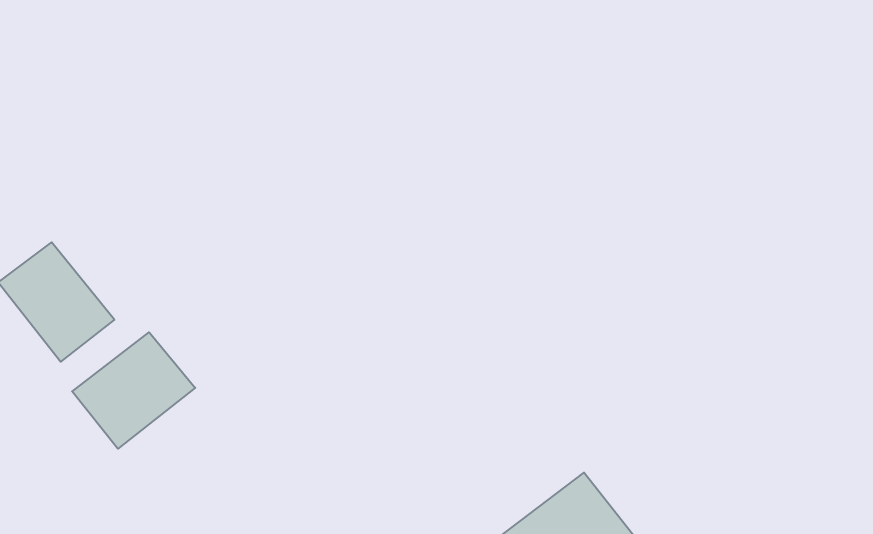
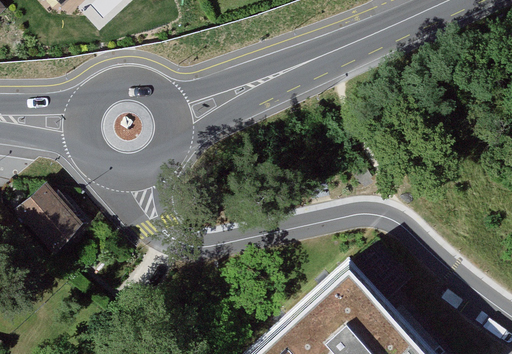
building: [72,332,195,449] -> none

